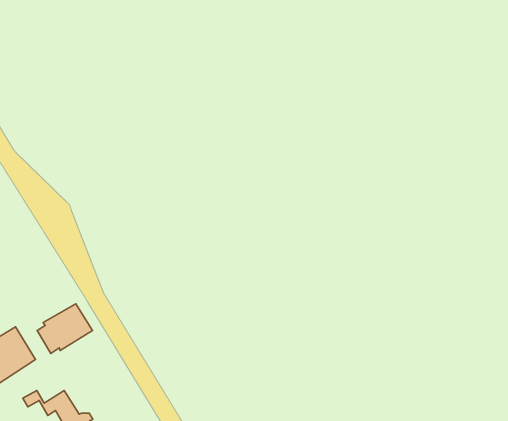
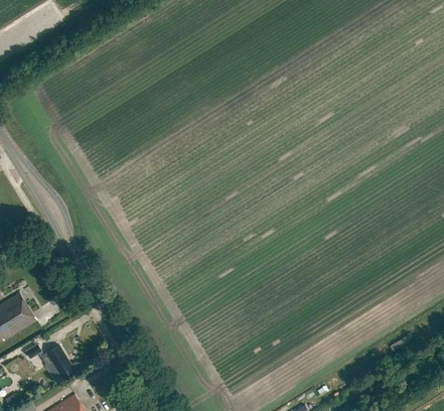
building: [37,304,92,354] -> none

